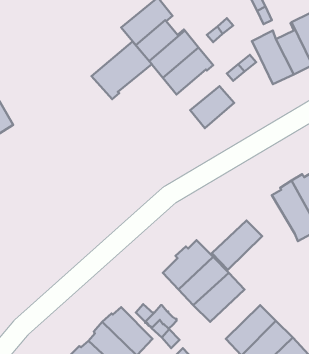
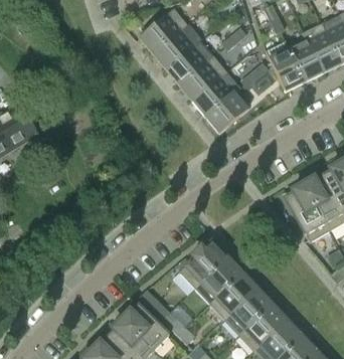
building: [91,41,152,99] -> none
building: none -> [192,76,233,116]
building: [212,221,262,270] -> [224,288,273,335]

